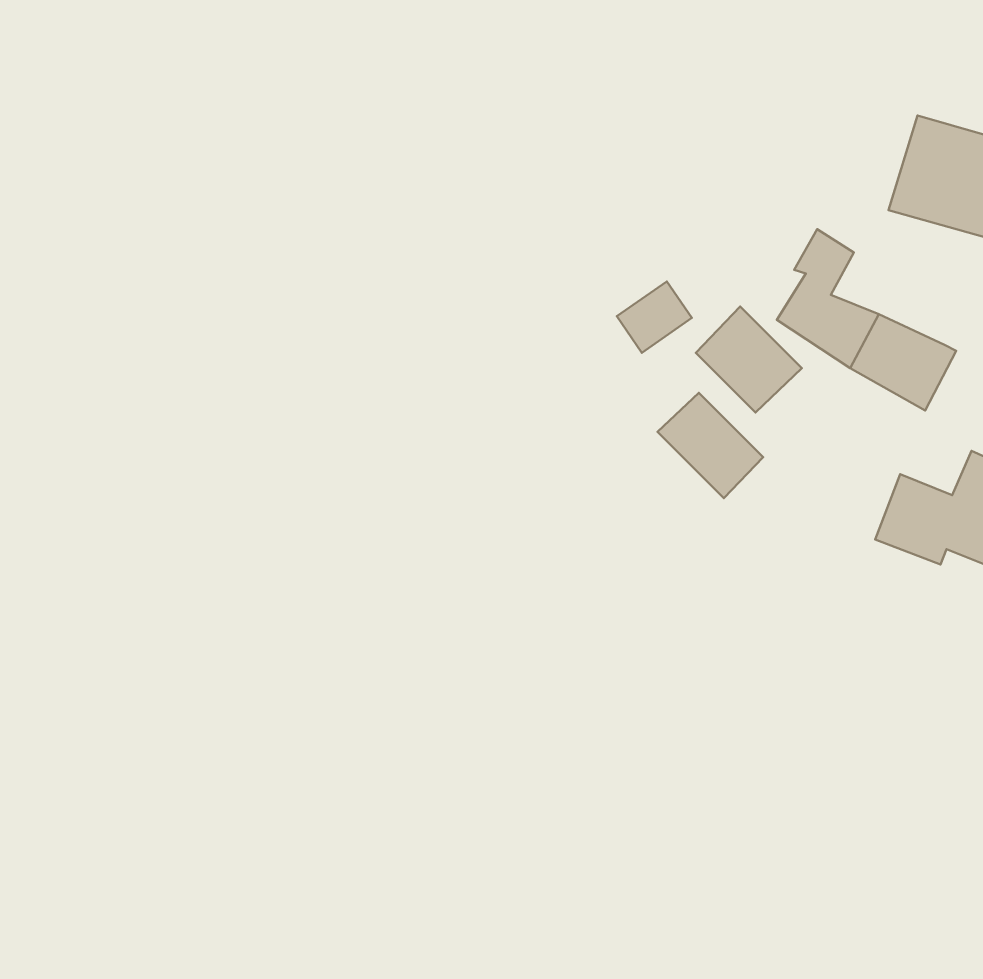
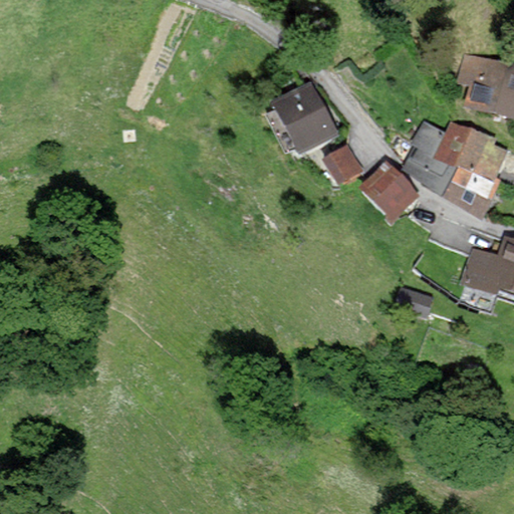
building: none -> [275,86,337,156]
building: none -> [434,119,509,180]
building: [657,393,763,498] -> none

